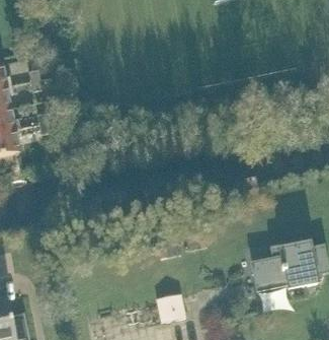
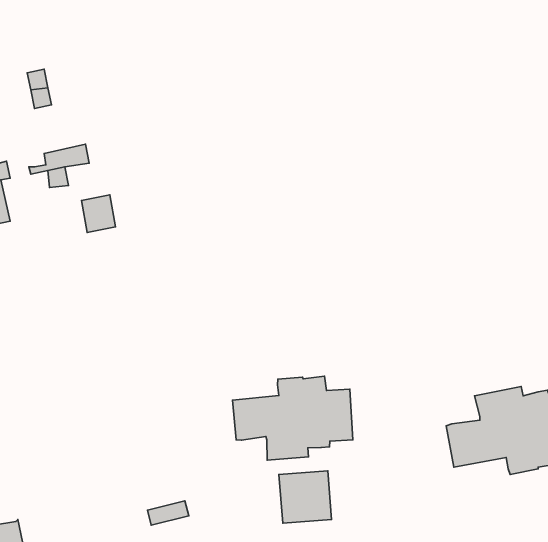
building: none -> [233,376,353,460]

